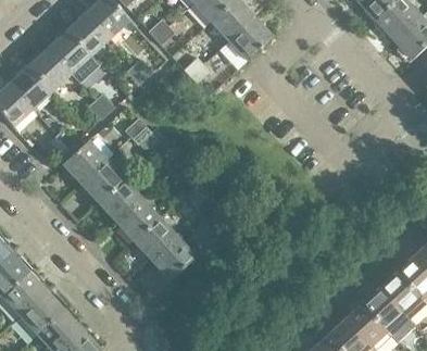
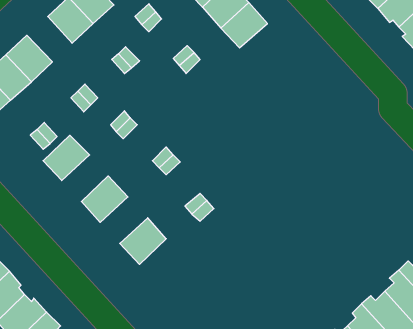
building: [47,30,99,83] -> none
building: [79,160,123,203] -> none
building: [115,199,160,242] -> none
building: [152,238,196,280] -> none

